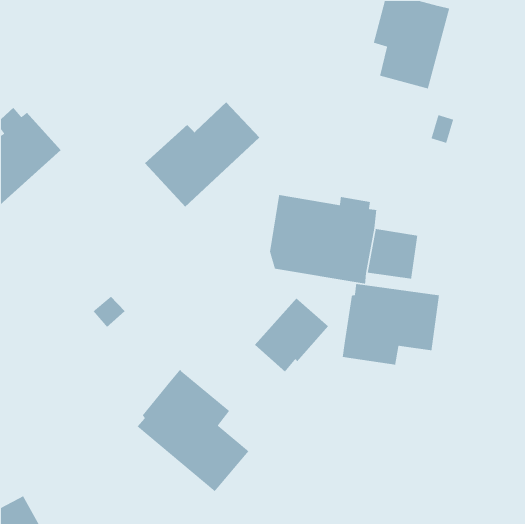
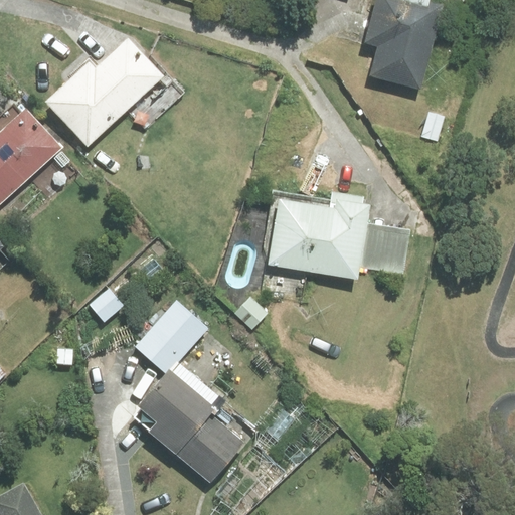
building: [144,102,260,207] -> [47,41,161,145]
building: [342,283,440,365] -> none
building: [254,297,329,372] -> [136,301,209,374]

